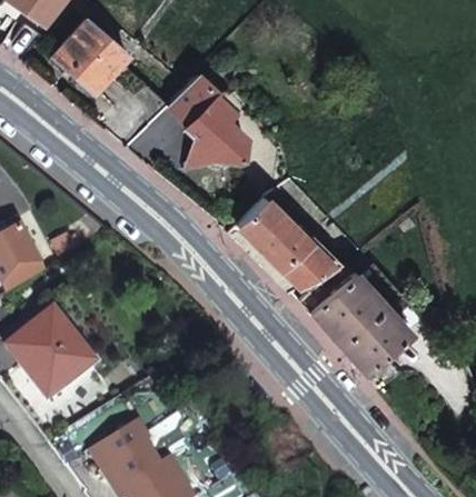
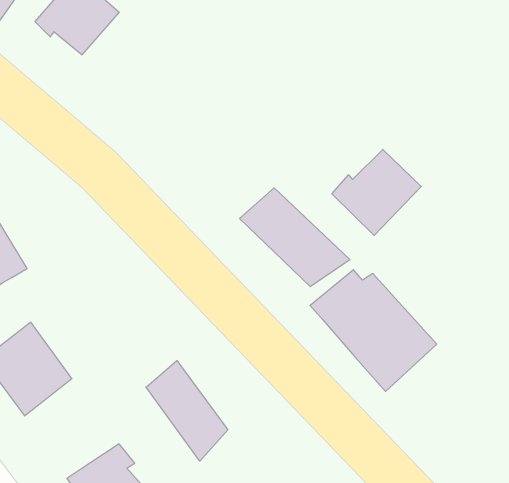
building: [162,67,238,158] -> none
building: none -> [332,149,421,235]
building: none -> [146,361,228,461]

